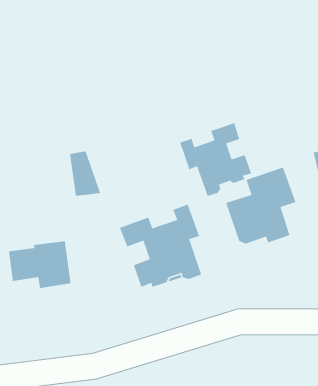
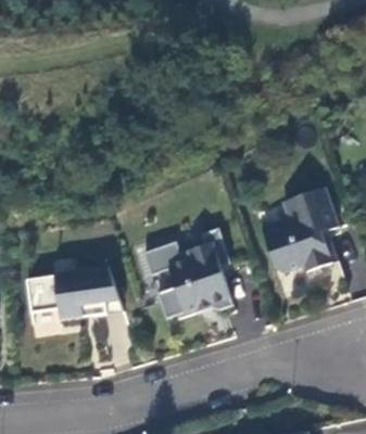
building: [179,122,252,197] -> none
building: [69,150,101,197] -> [87,264,122,314]

